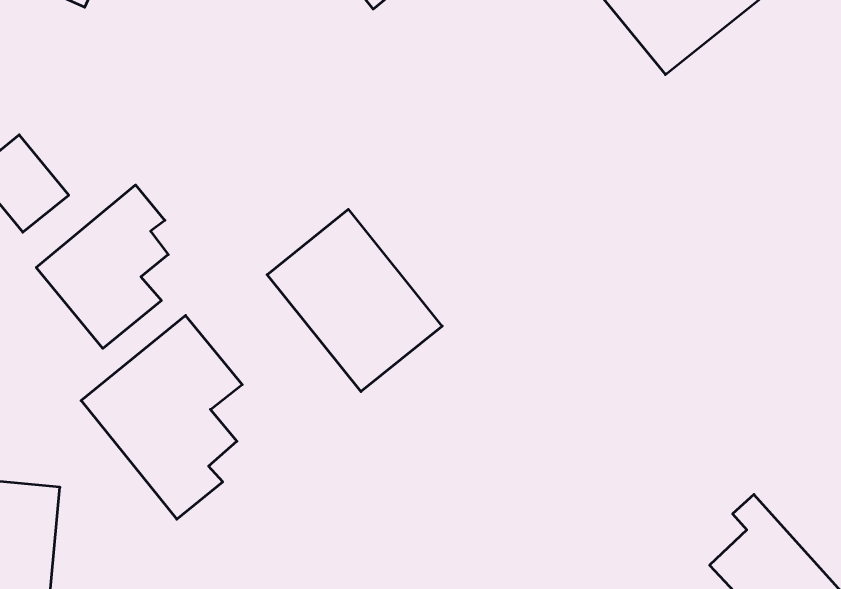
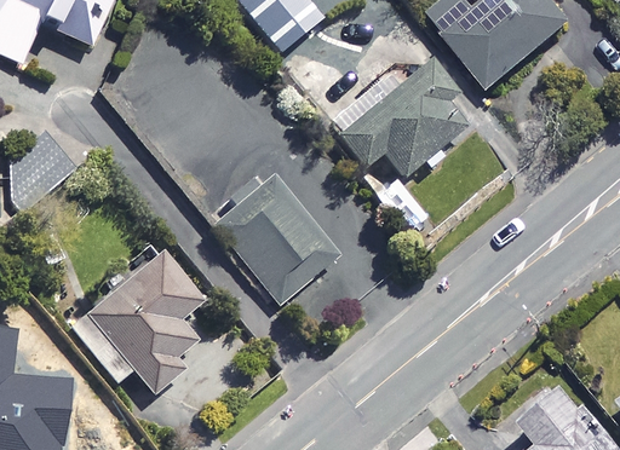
building: none -> [329,63,453,175]
building: [36,185,168,348] -> none

